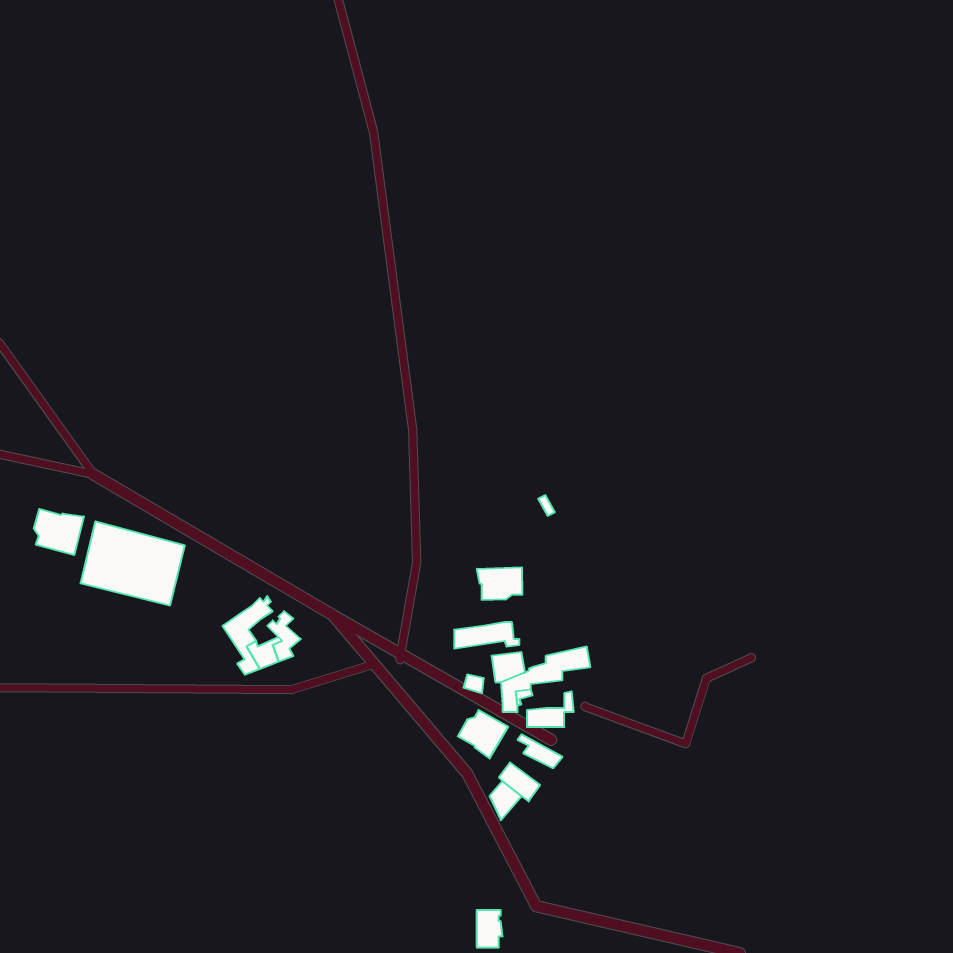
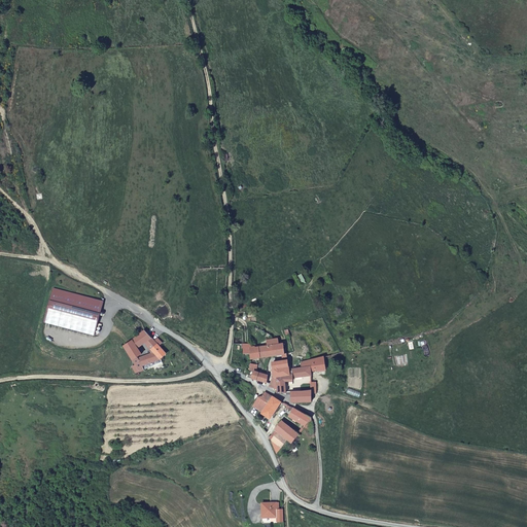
building: [34,509,84,555] -> none
building: [477,567,522,600] -> none

